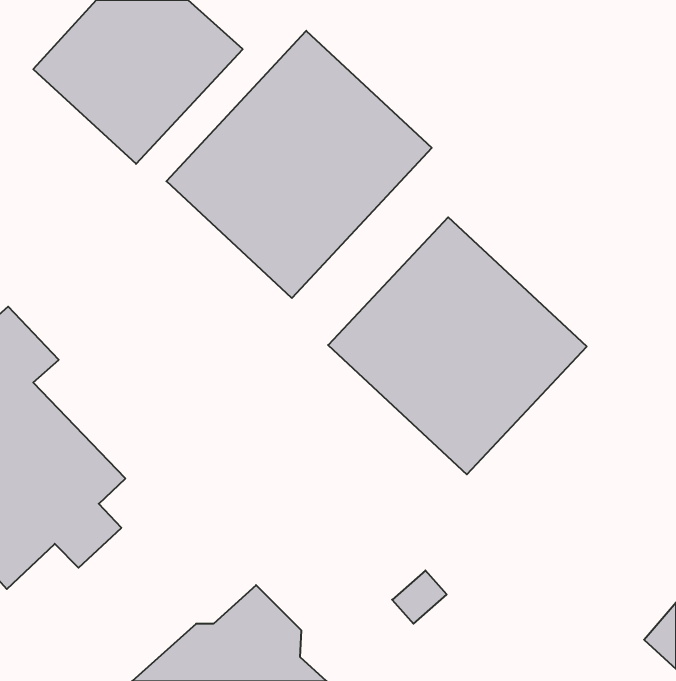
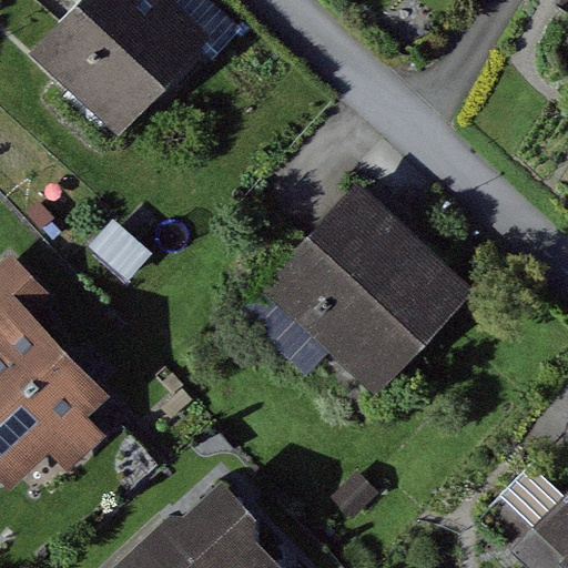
building: [166,31,432,298] -> none

